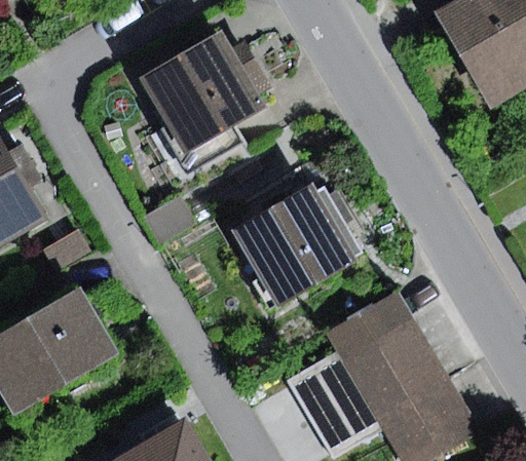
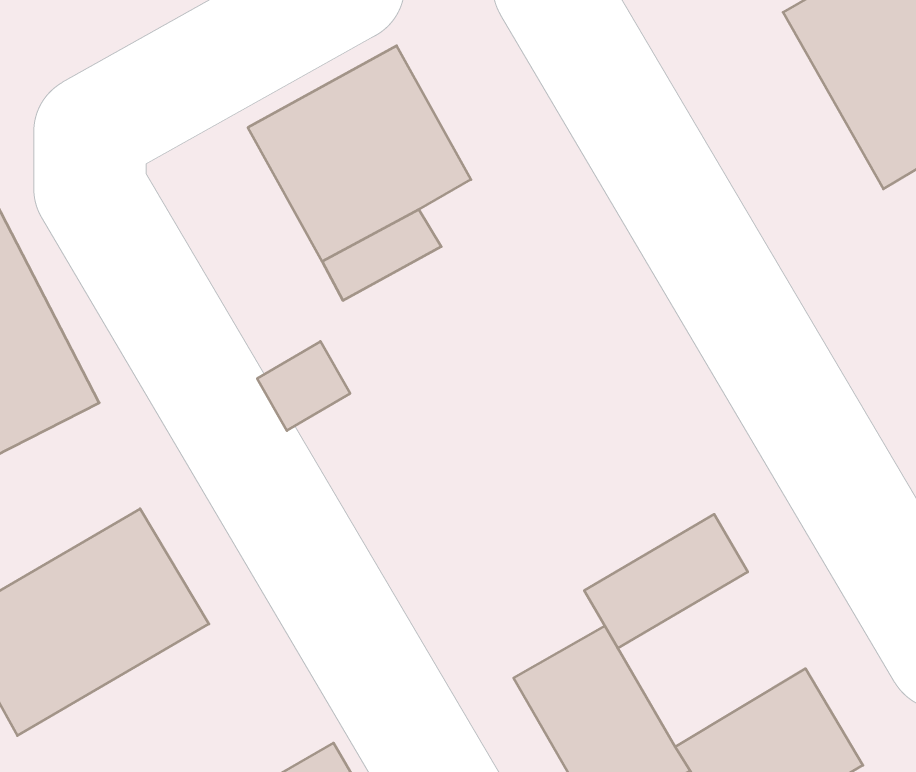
building: [231,184,360,309] -> none
building: [344,322,448,419] -> none

